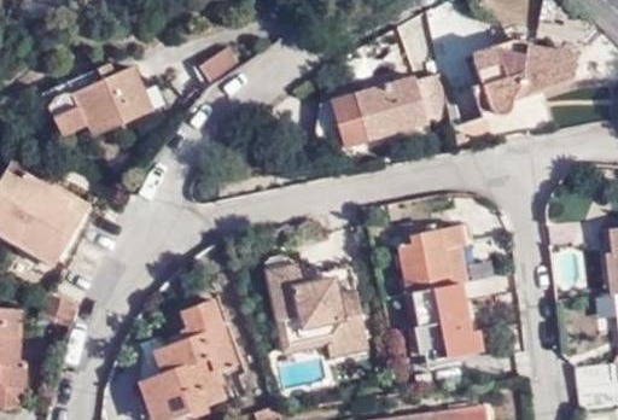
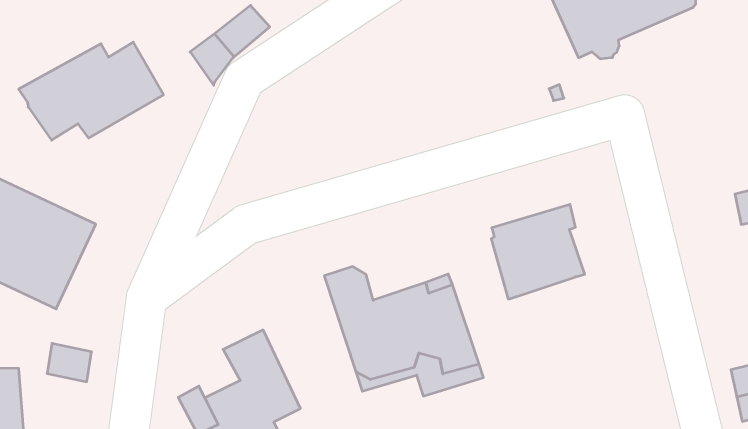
building: [308,72,447,159] -> none
building: [412,284,482,363] -> none

